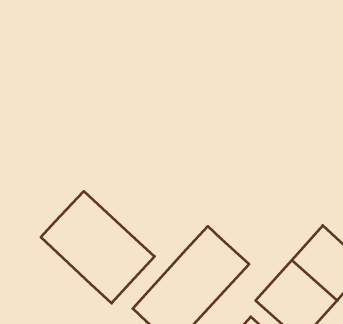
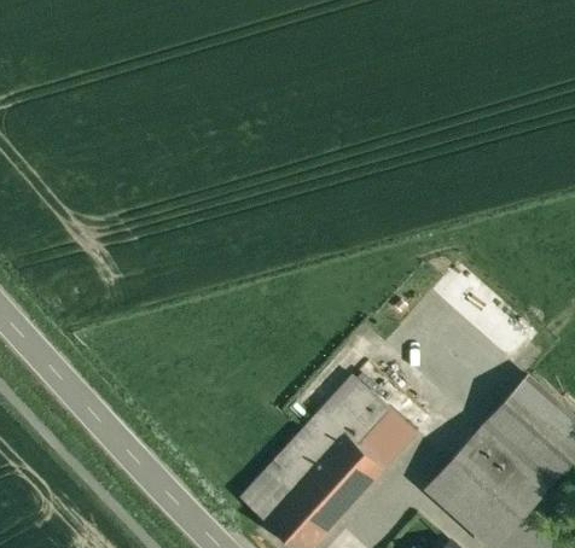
building: [41,191,155,303] -> none

